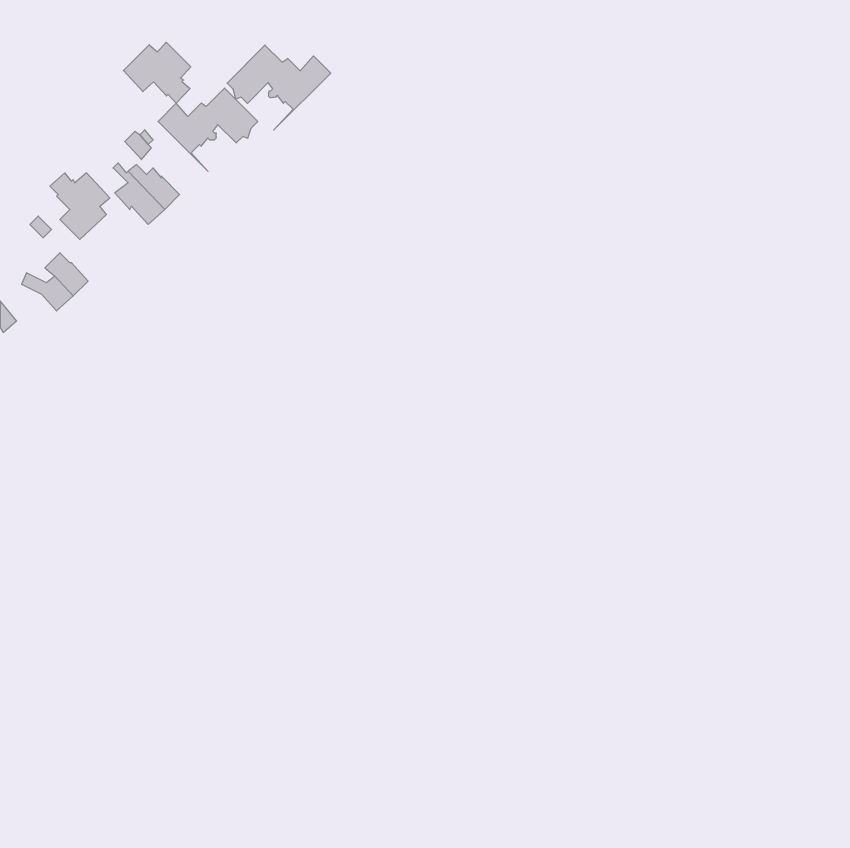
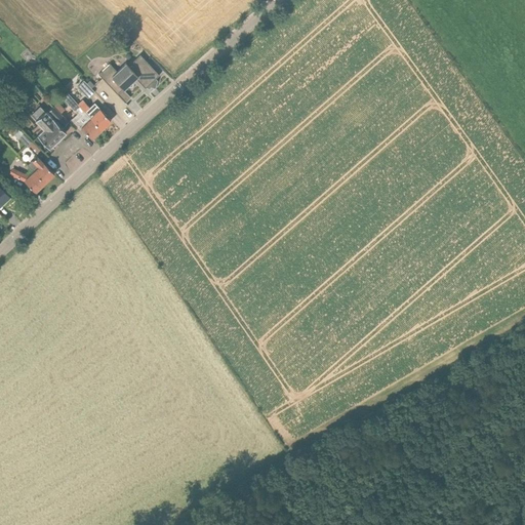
building: [123,42,191,103] -> none
building: [227,45,331,130] -> none

